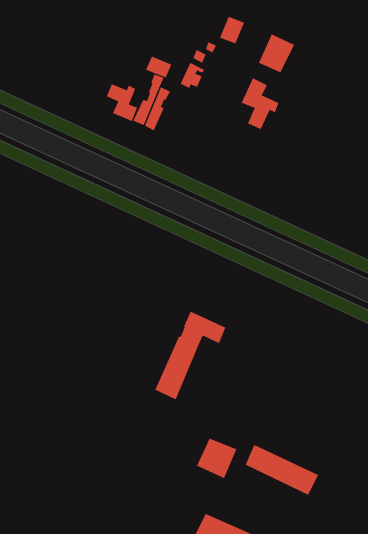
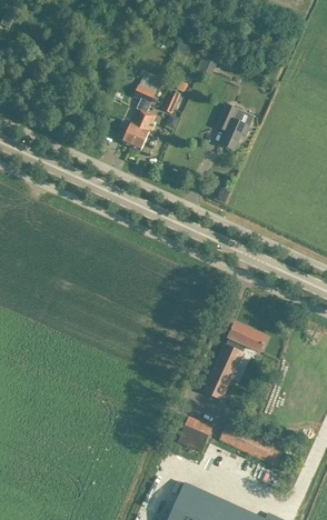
building: [258,34,295,73] -> none
building: [106,83,138,122] -> none
building: [155,311,226,400] -> [204,322,266,400]

